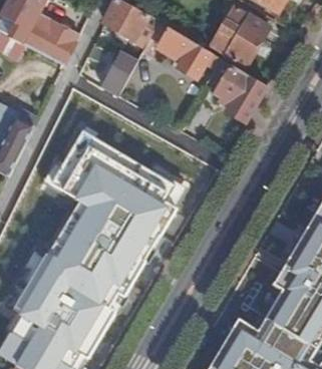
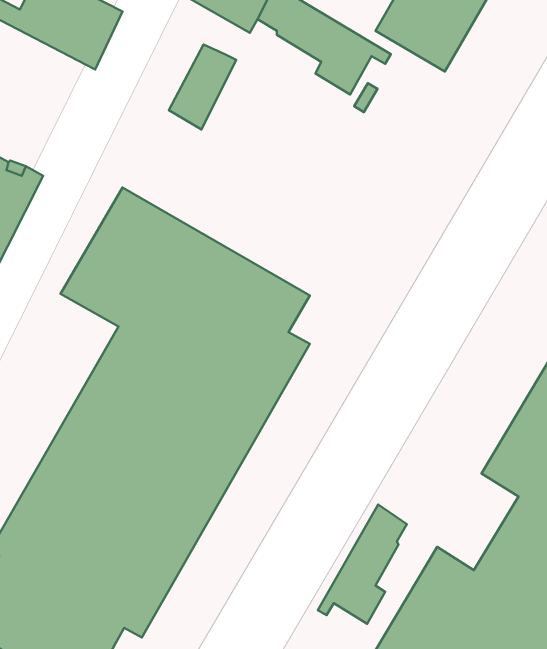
building: [216,65,267,122] -> none
building: none -> [318,505,407,624]

